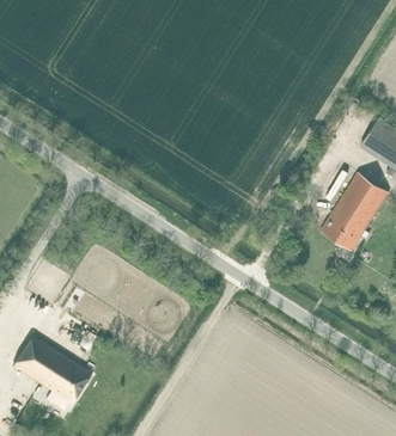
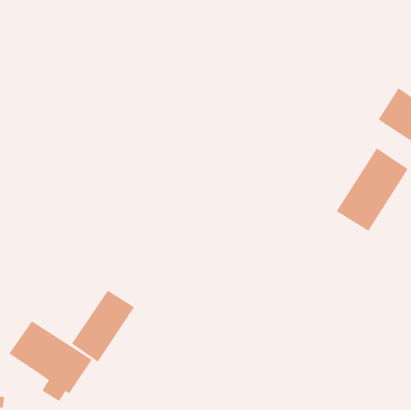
building: none -> [71,290,135,362]

